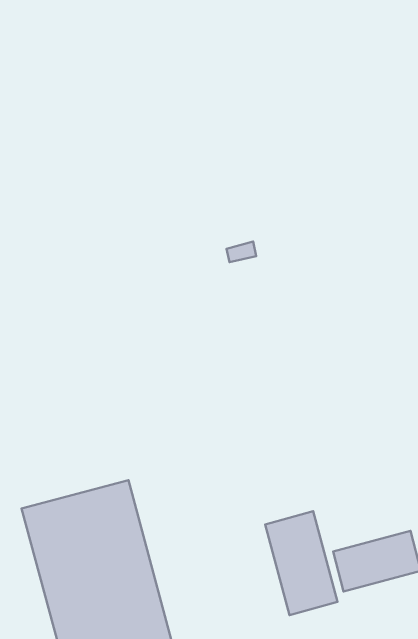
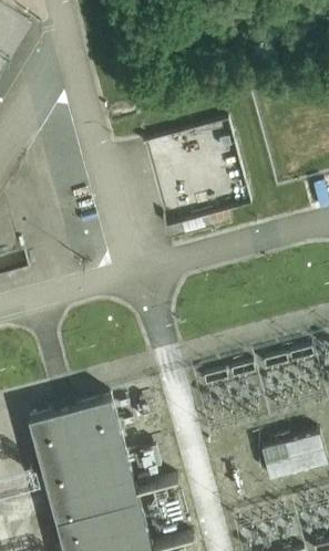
building: [265,511,338,615] -> none

